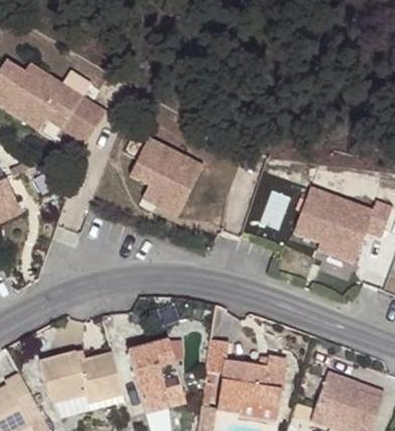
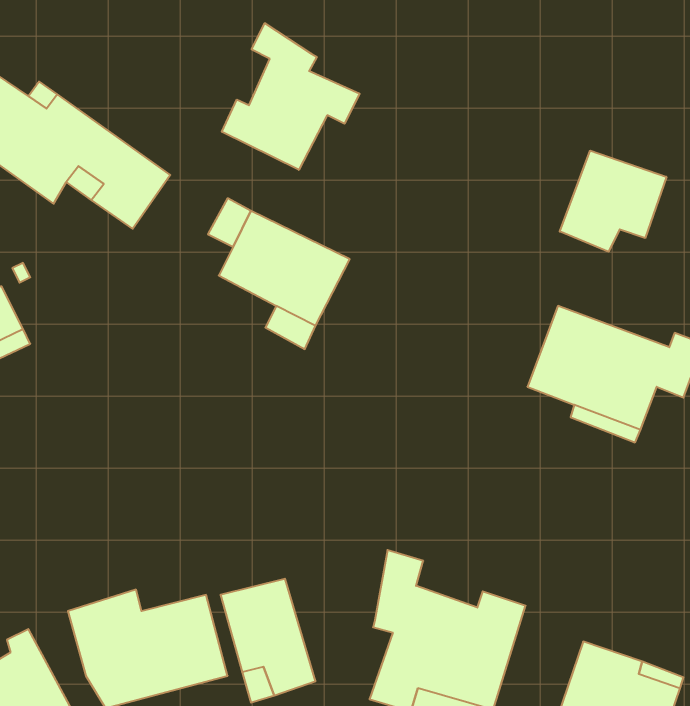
building: none -> [222,23,360,170]
building: none -> [560,151,666,252]

